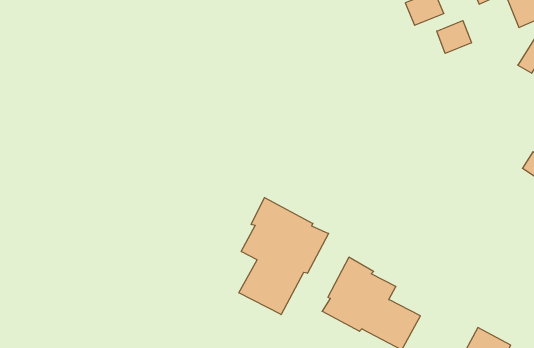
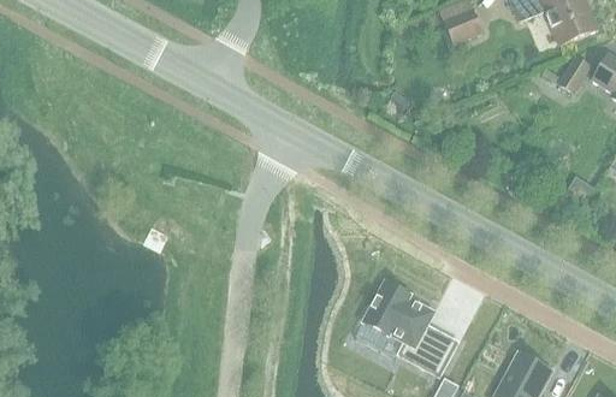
building: [437,21,471,53] -> none
building: [239,198,329,315] -> none

